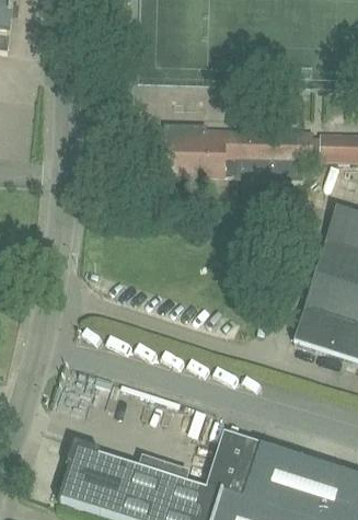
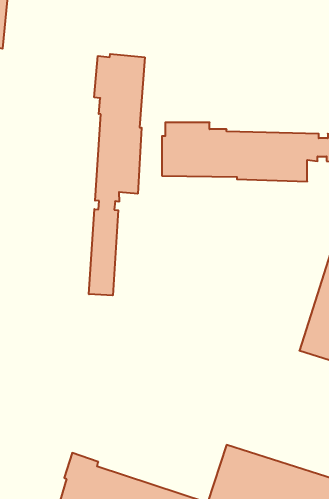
building: none -> [89,54,145,295]

